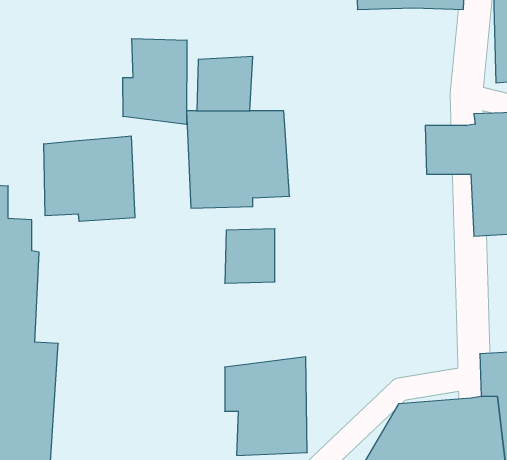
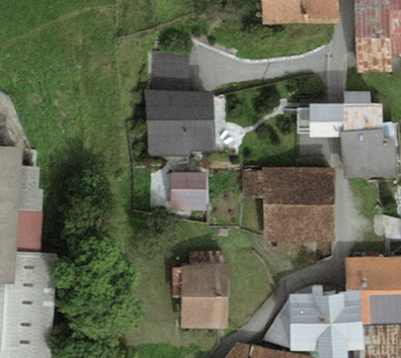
building: [123,39,187,124] -> none
building: [44,136,135,221] -> none
building: none -> [241,167,334,242]

